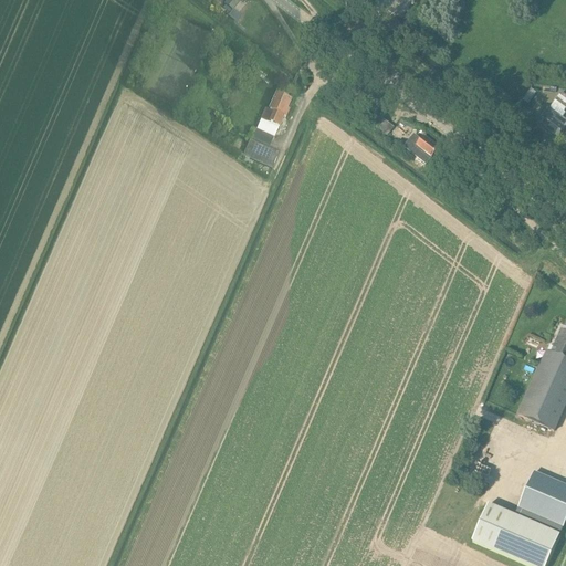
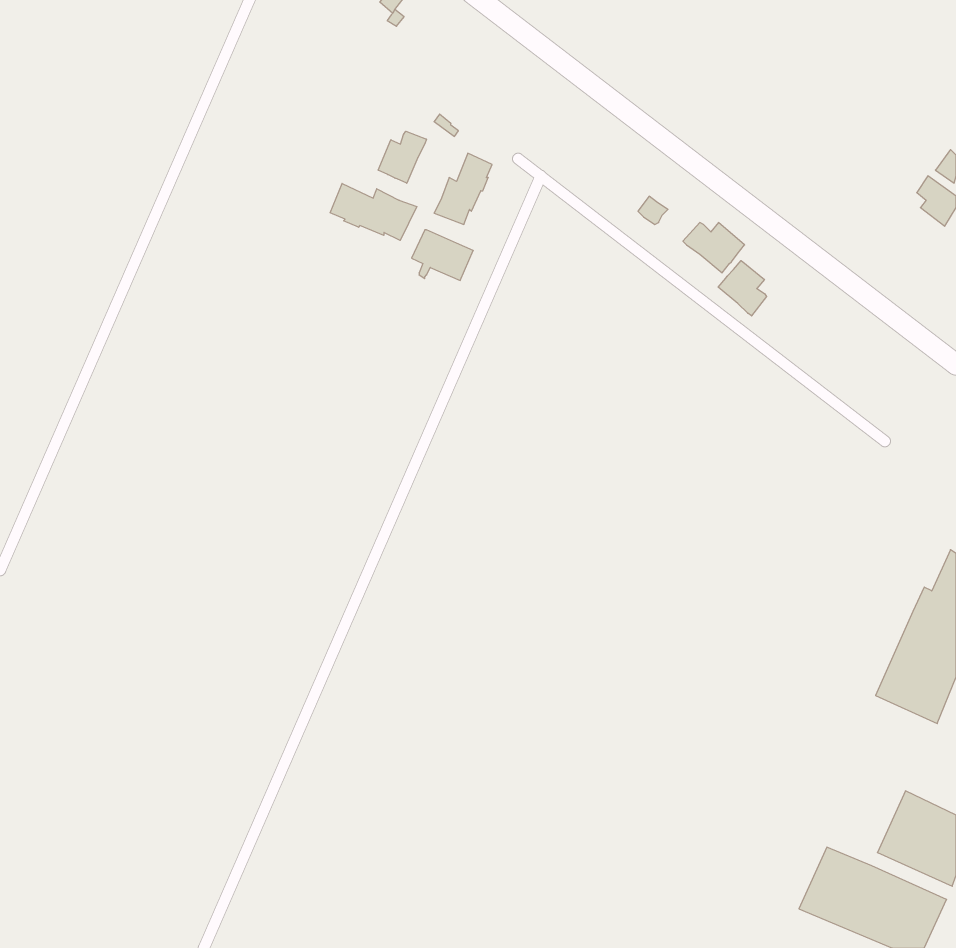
building: none -> [378,131,426,183]
building: none -> [330,183,417,240]
building: none -> [718,261,767,316]

